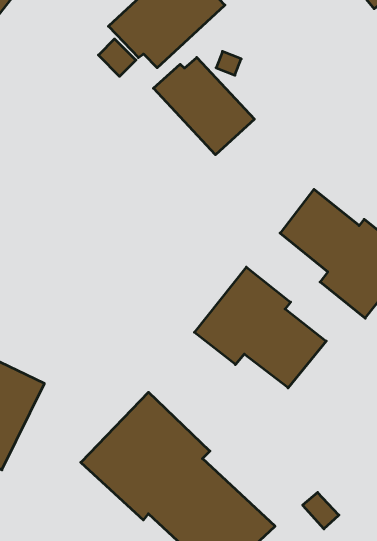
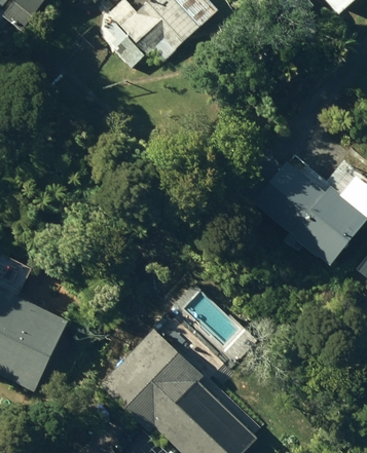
building: [153,57,254,155] -> none
building: [194,267,326,388] -> none

